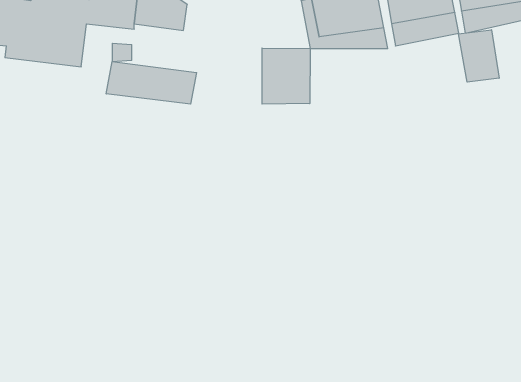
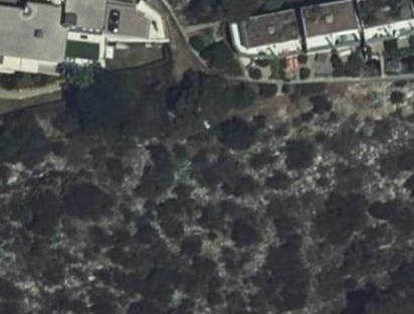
building: [458,30,499,82] -> none
building: [262,48,310,104] -> none
building: [106,62,197,104] -> none

